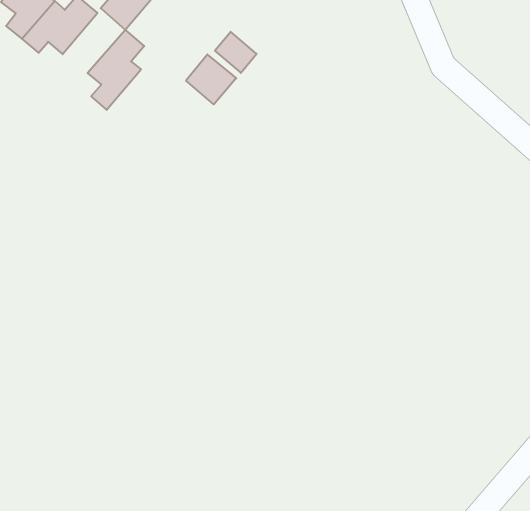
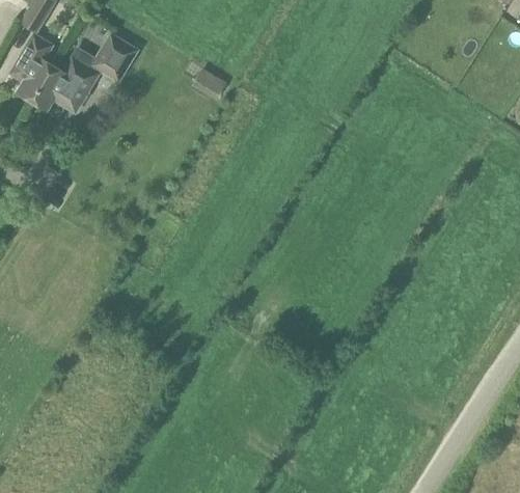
building: [88,30,144,110] -> none
building: [186,54,236,104] -> none

